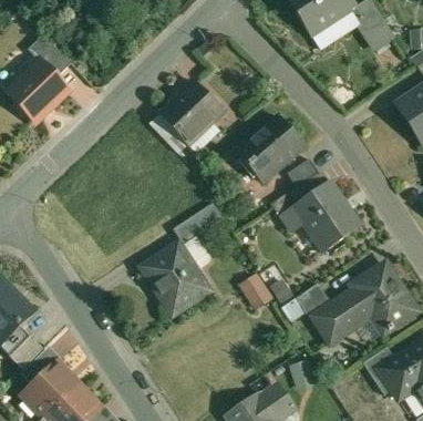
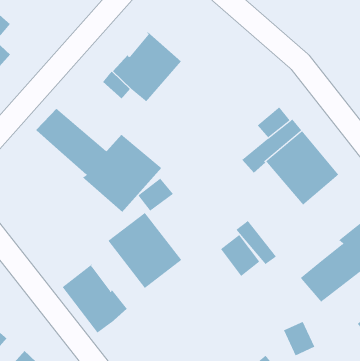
building: [234,116,305,186] -> none
building: none -> [36,108,162,213]
building: [296,284,332,320] -> none
building: none -> [62,264,128,333]

